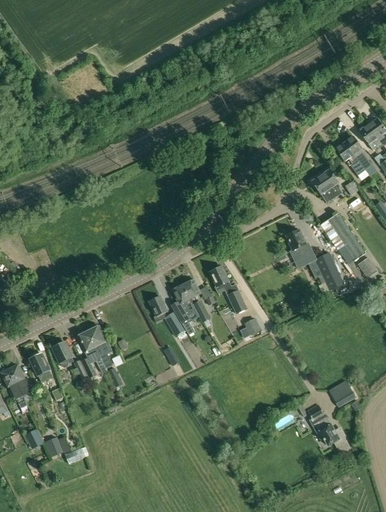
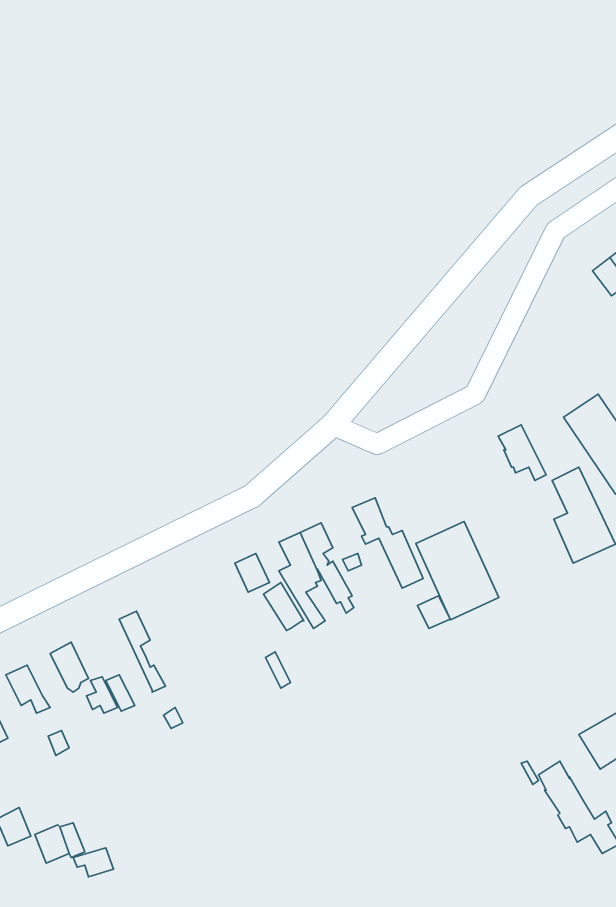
building: [312,169,342,202] -> none
building: none -> [416,521,499,620]
building: [76,329,106,369] -> none

